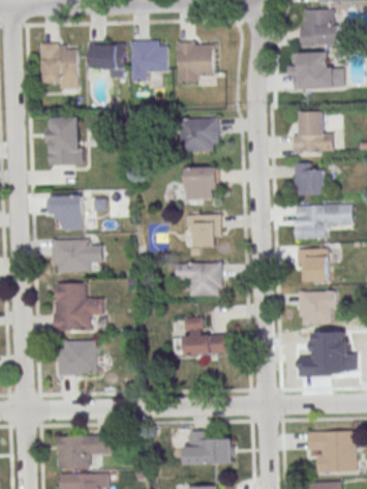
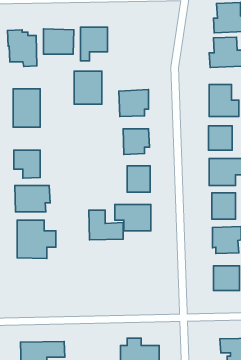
building: [177,40,212,82] -> [74,71,102,104]
building: [183,317,226,355] -> [89,210,123,240]
building: [58,340,96,373] -> none

